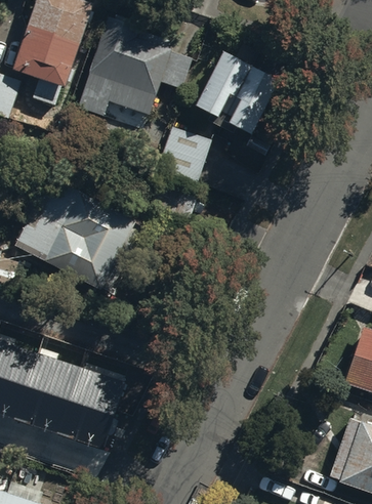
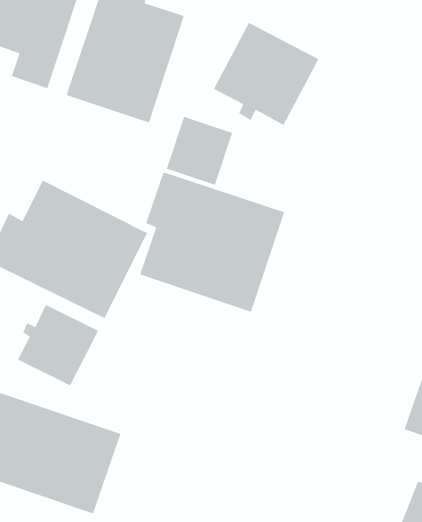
building: none -> [139,172,285,313]
building: none -> [17,304,99,387]

